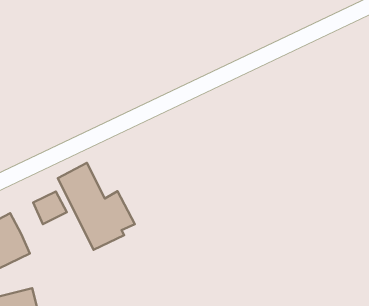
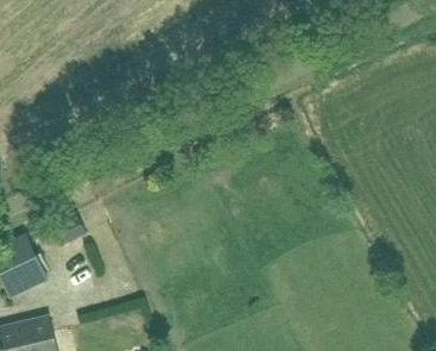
building: [58,163,135,250] -> none

